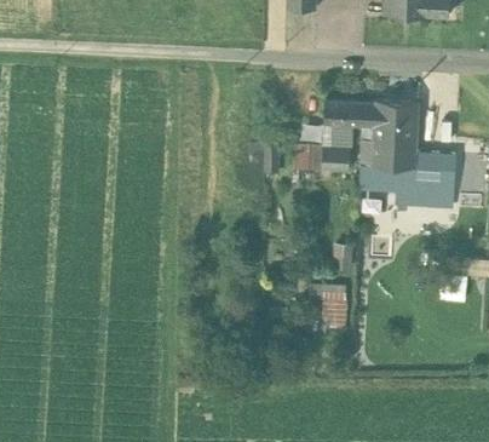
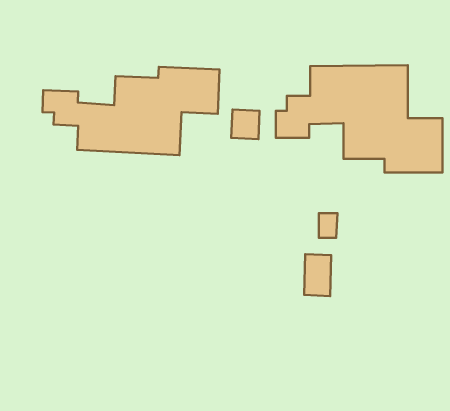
building: none -> [42,67,220,155]

